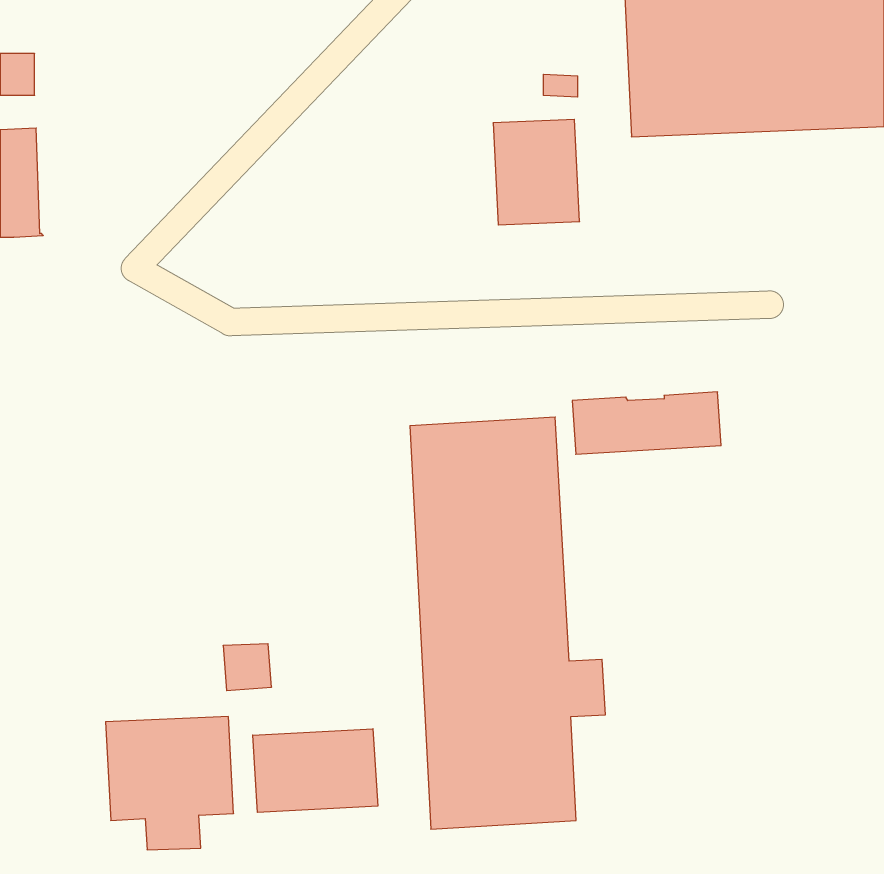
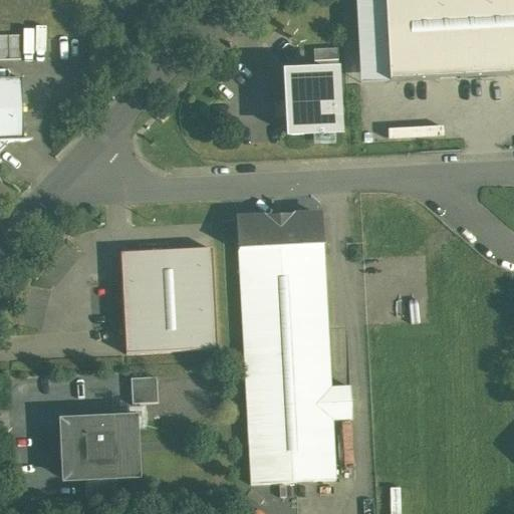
building: [572,392,721,454] -> [236,211,322,247]
building: none -> [119,245,216,350]
building: [253,729,378,812] -> none

